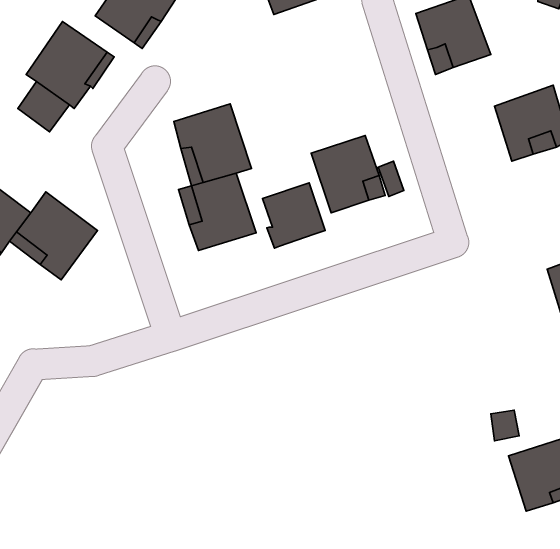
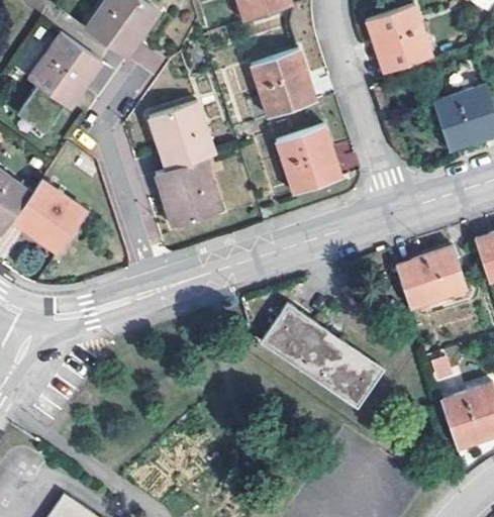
building: none -> [249,49,307,117]
building: [262,183,325,248] -> none
building: none -> [398,249,469,310]
building: none -> [262,306,386,411]

